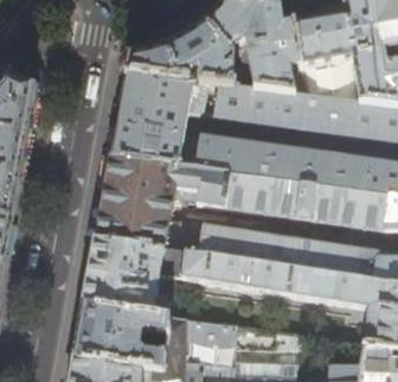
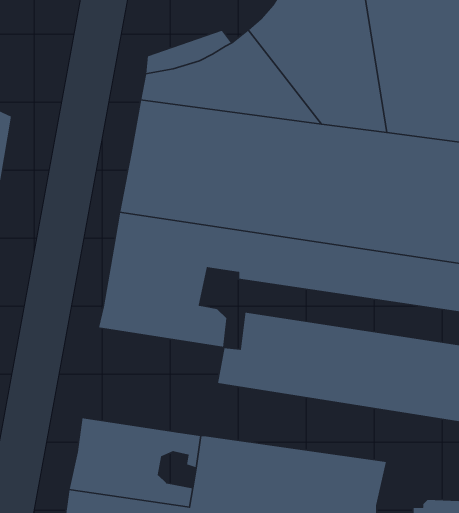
building: [84,241,187,317] -> none

